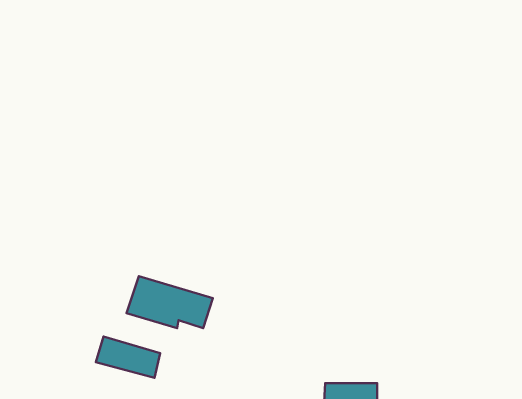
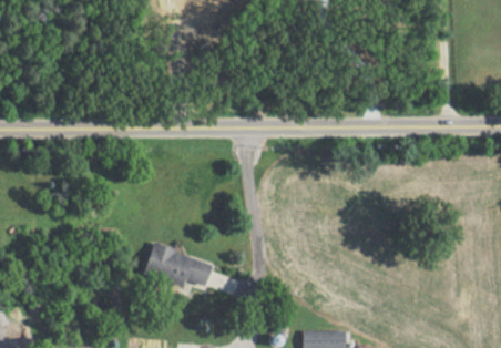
building: [96,336,160,378] -> none

